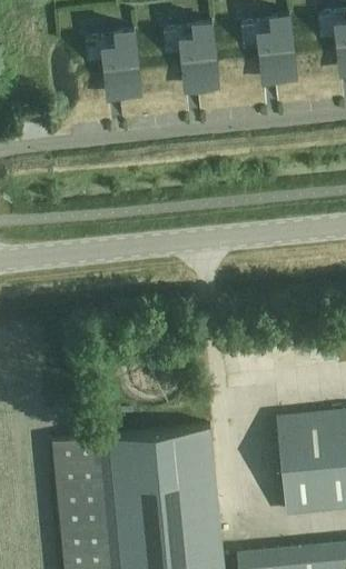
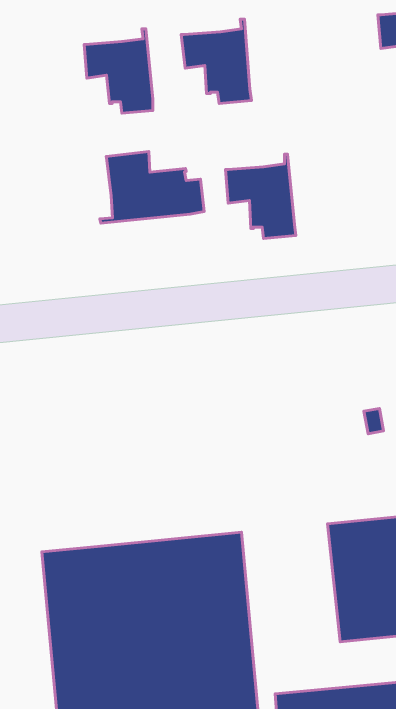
building: [240,11,296,78] -> [226,154,296,238]
building: none -> [100,151,204,223]

